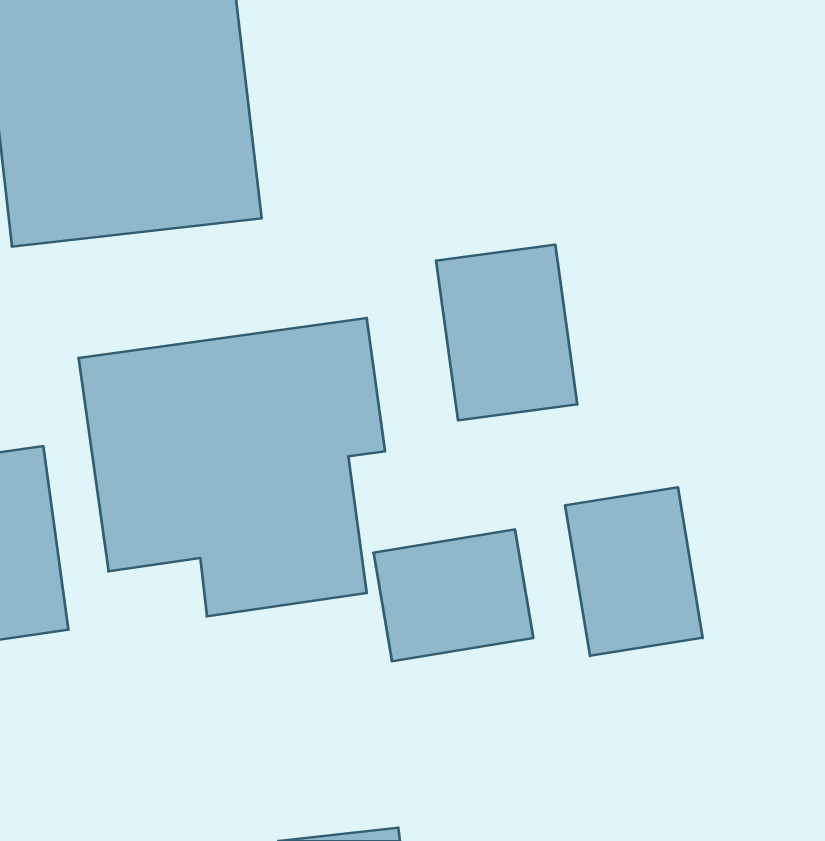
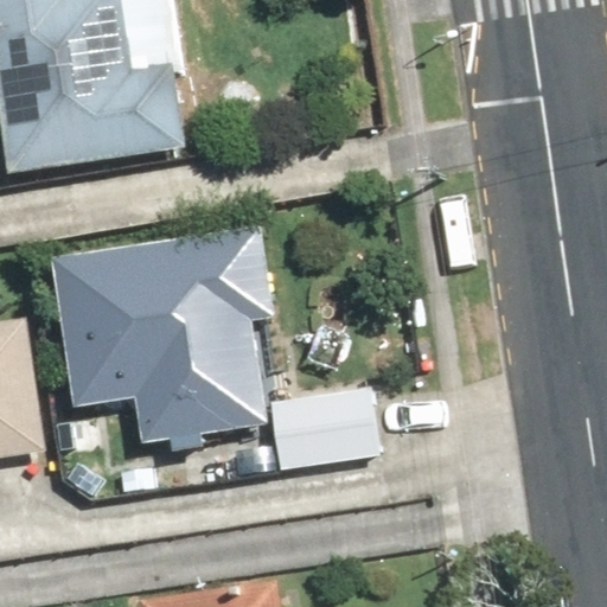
building: [436,245,577,420] -> none
building: [565,487,703,656] -> none

